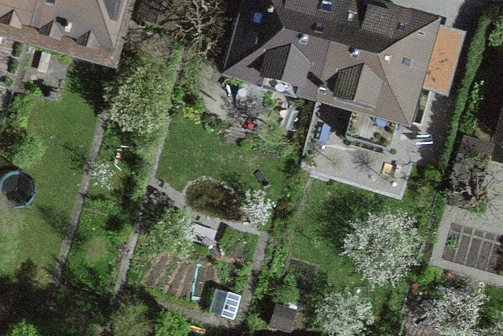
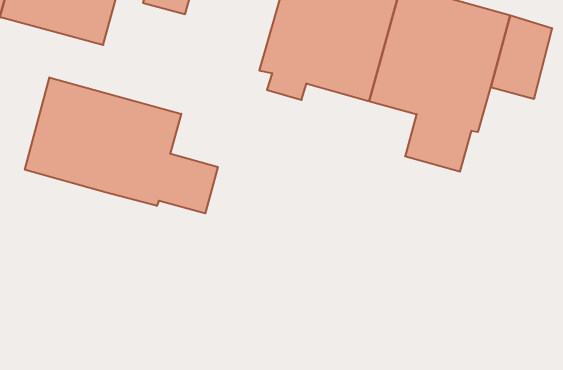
building: none -> [25,77,218,213]

